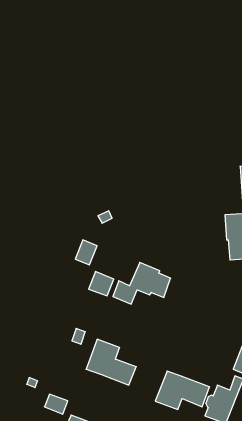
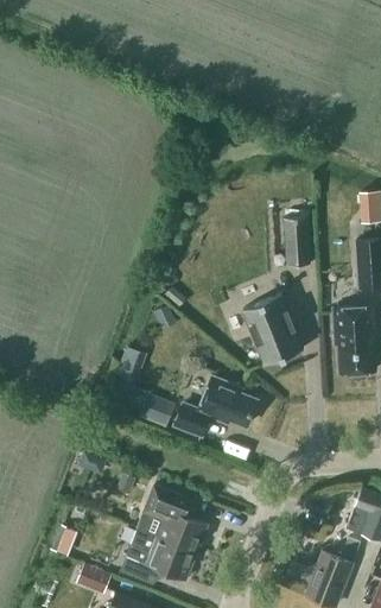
building: none -> [281,217,309,266]
building: none -> [242,294,301,366]
building: [155,371,210,409] -> [119,530,196,584]

